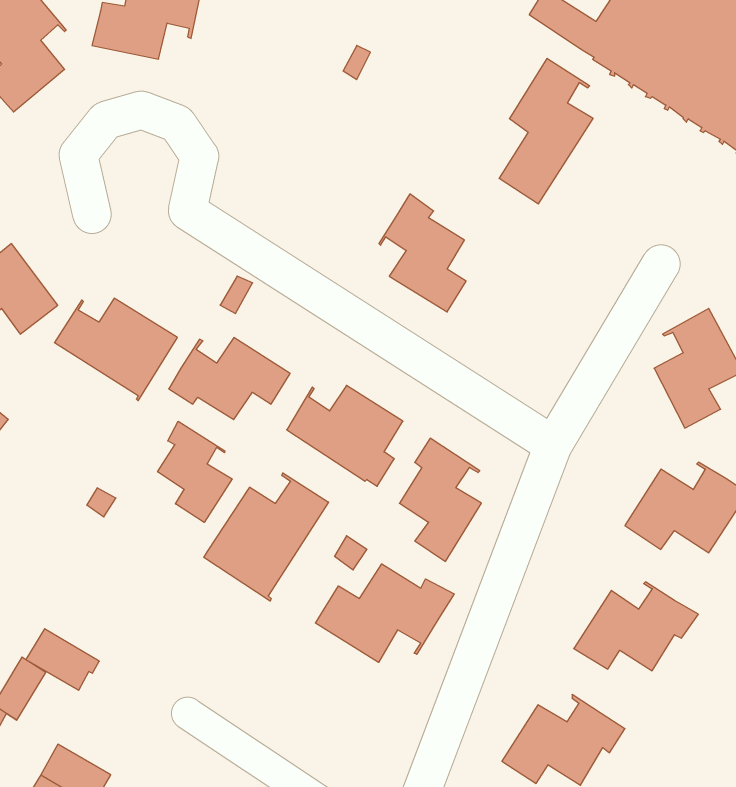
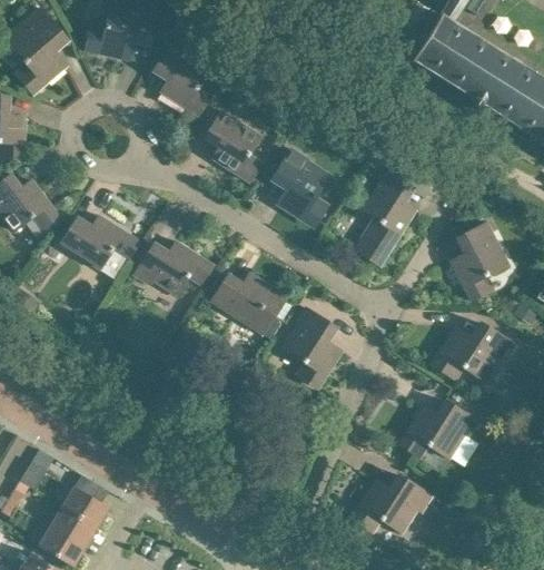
building: none -> [154,43,210,115]
building: [499,59,593,204] -> [355,170,416,265]
building: none -> [205,110,261,181]
building: [158,421,232,522] -> none
building: [204,473,329,601] -> none
building: [315,564,454,662] -> none
building: [26,629,99,690] -> [62,485,110,525]

